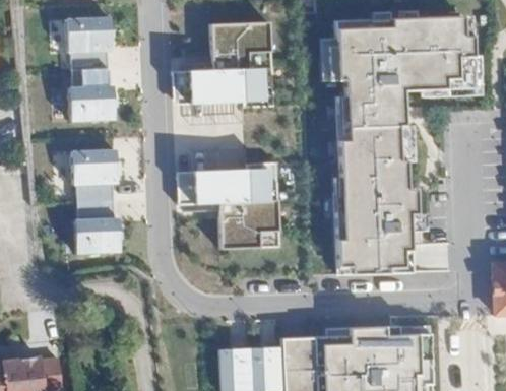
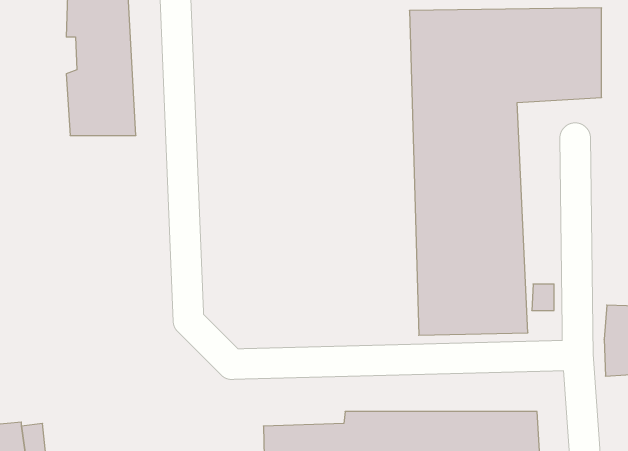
building: [171,20,276,110] -> none
building: [65,143,124,250] -> none
building: [176,174,277,247] -> none

